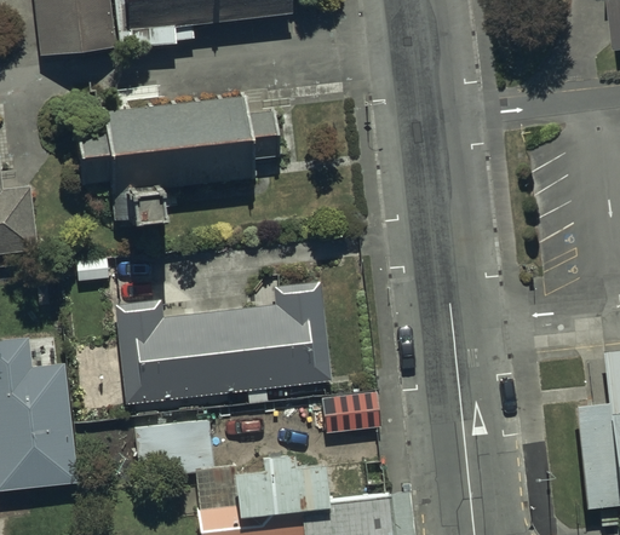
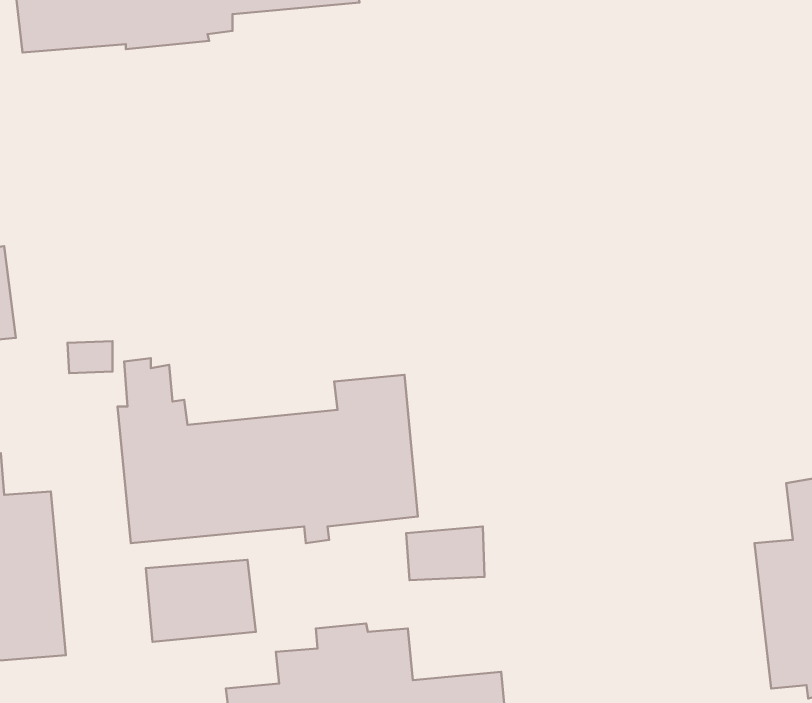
building: [74,96,279,249] -> none

